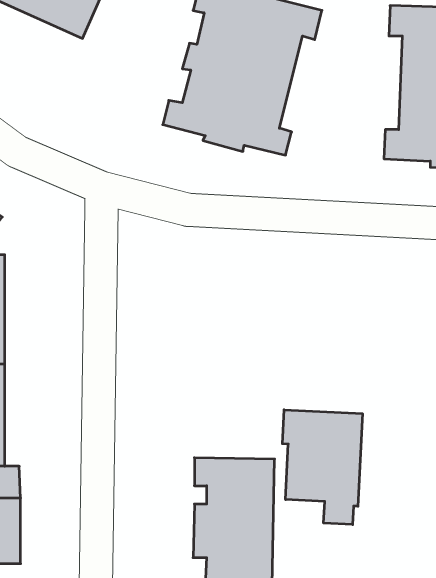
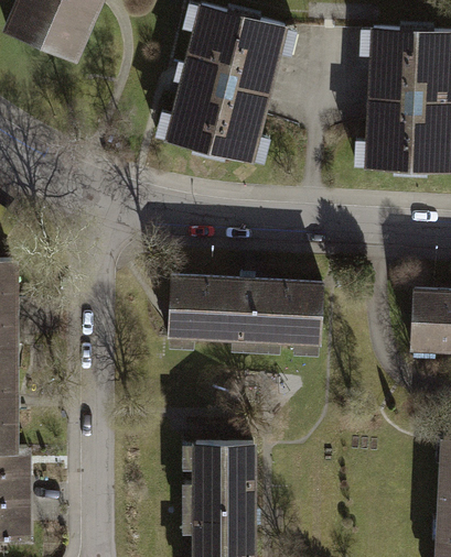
building: none -> [169,274,329,352]
building: [282,410,362,525] -> none

